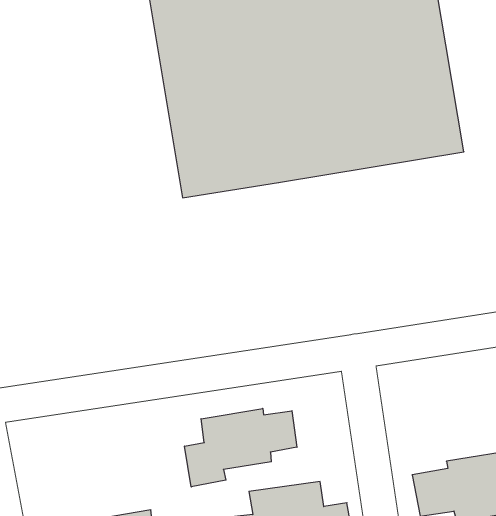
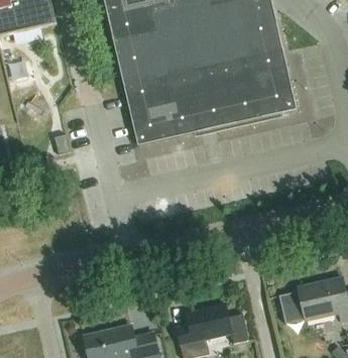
building: [185,408,297,487] -> none

